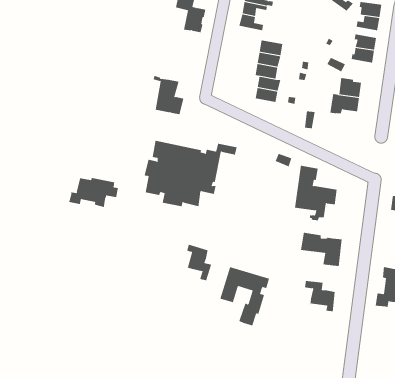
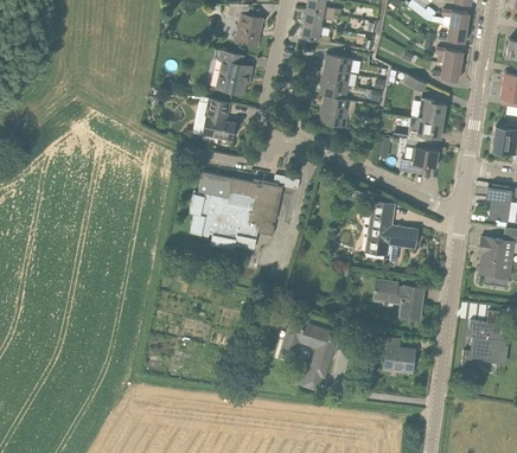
building: none -> [218,49,254,94]
building: none -> [400,146,439,173]
building: [69,177,119,208] -> none
building: [182,244,212,281] -> none

